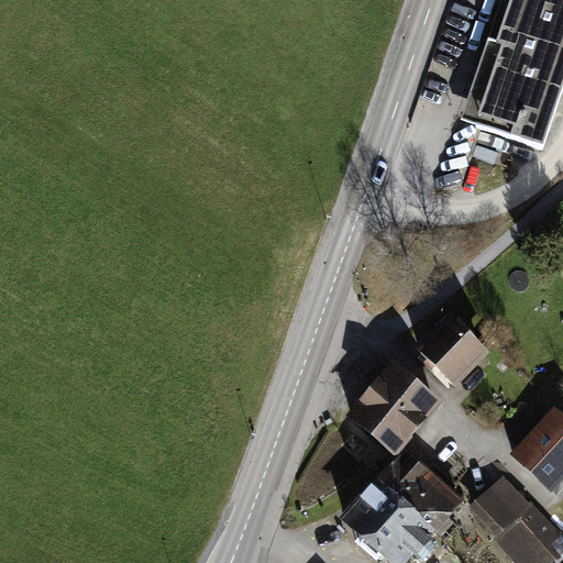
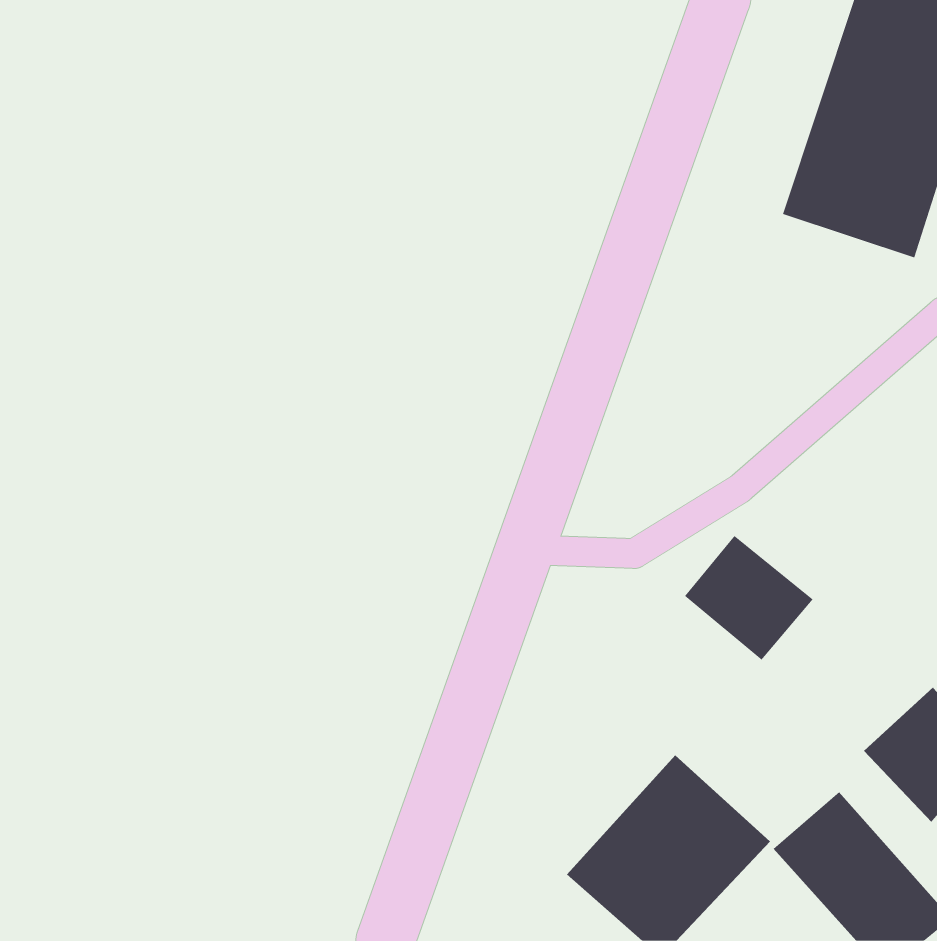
building: [344,360,440,455] -> none

